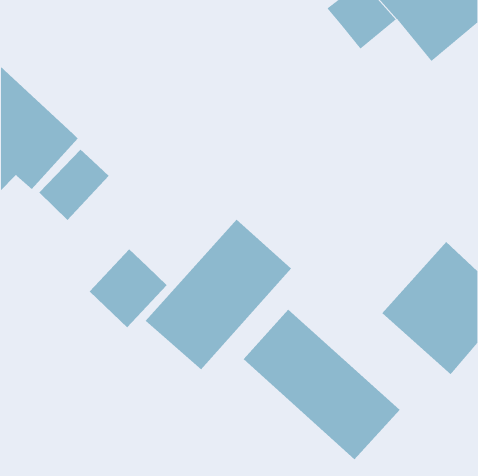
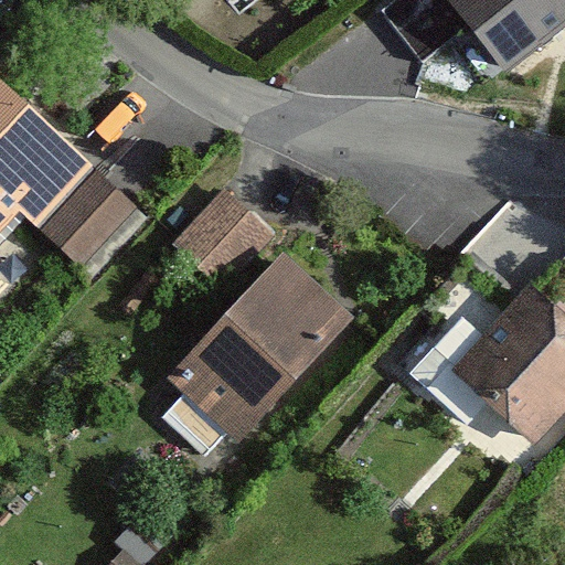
building: [89,249,168,328] -> [174,190,267,284]
building: [243,309,401,460] -> none

